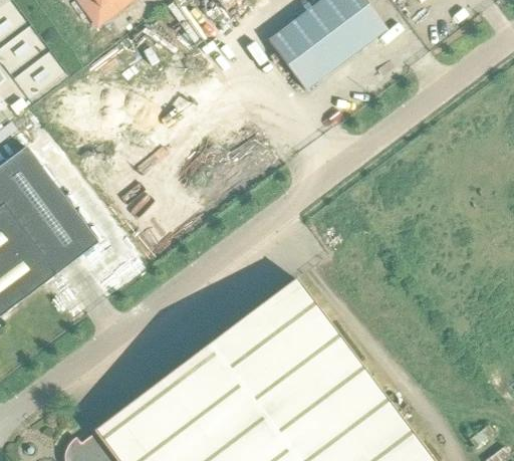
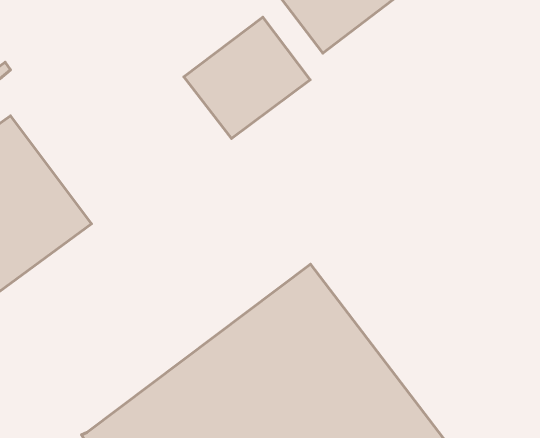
building: none -> [184,17,310,138]

